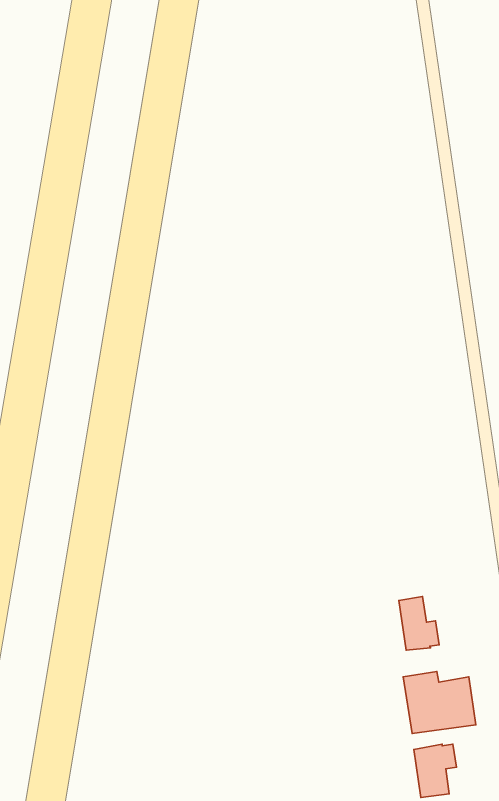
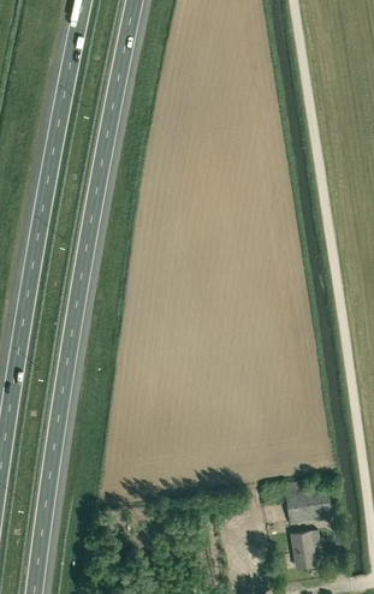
building: [399,596,439,650] -> none

